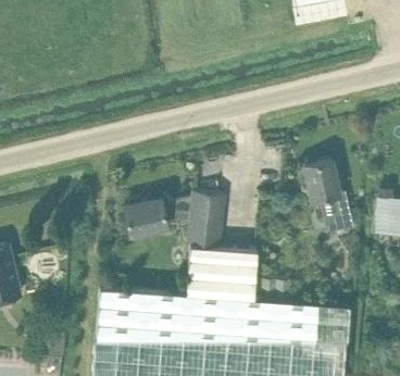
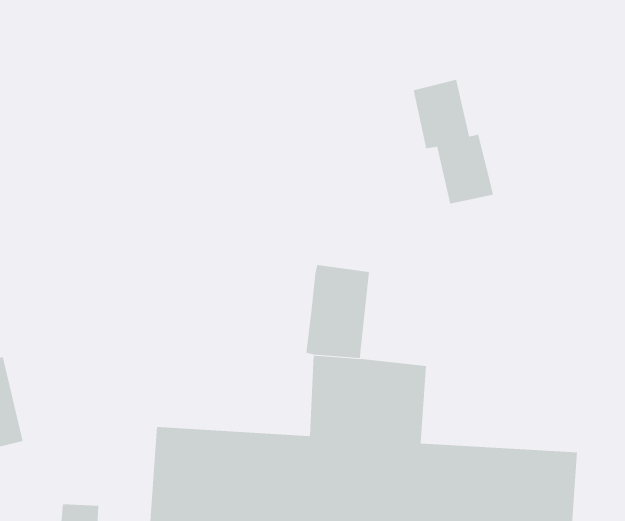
building: [305,158,353,231] -> [413,79,494,204]
building: [124,195,192,233] -> none

